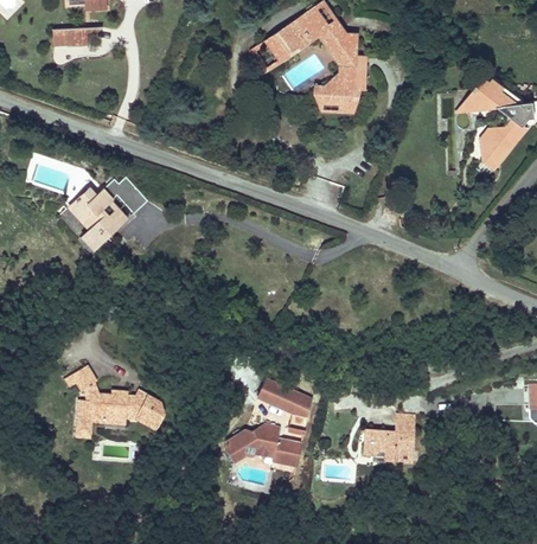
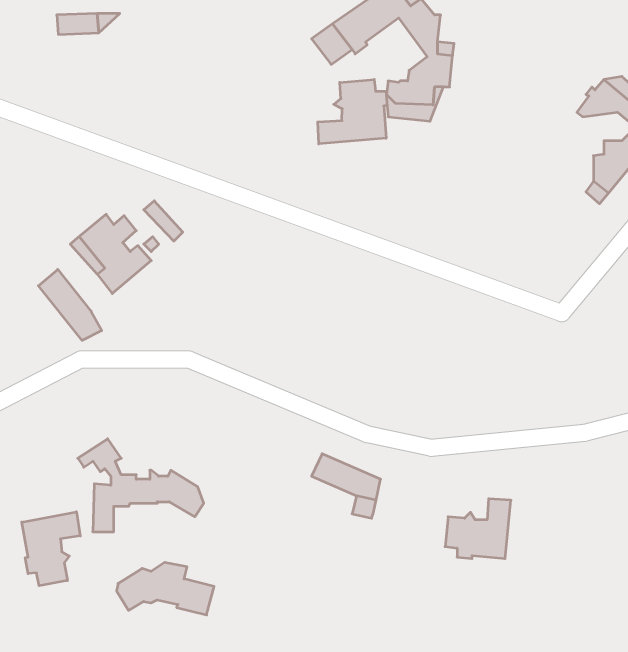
building: none -> [318,79,387,144]
building: none -> [38,269,102,340]
building: [222,423,299,465] -> [117,562,214,615]
building: none -> [22,512,80,586]

